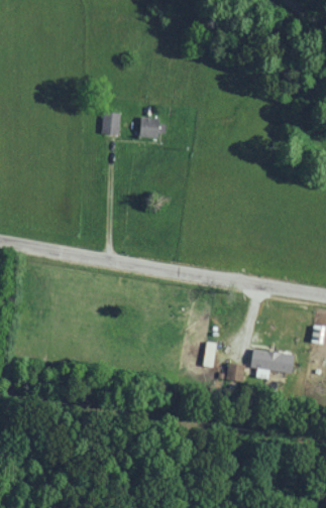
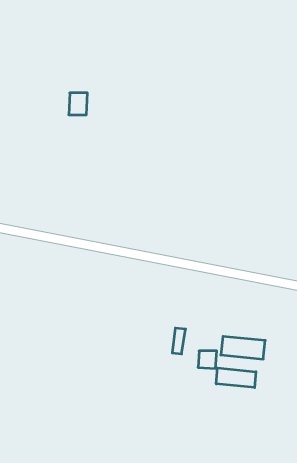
building: [138,118,167,138] -> none
building: none -> [216,368,256,388]

